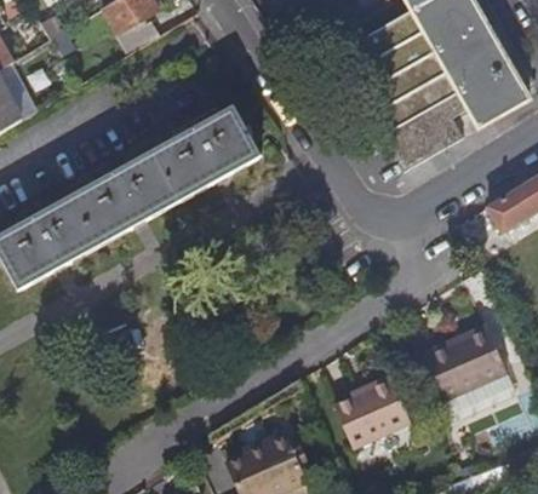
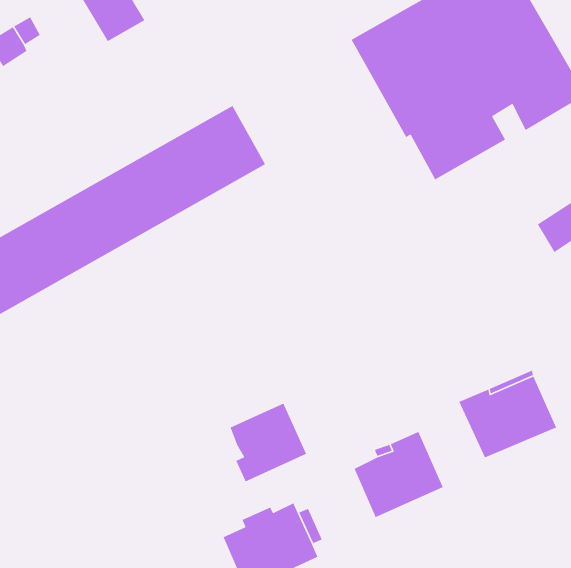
building: none -> [230,403,307,483]

